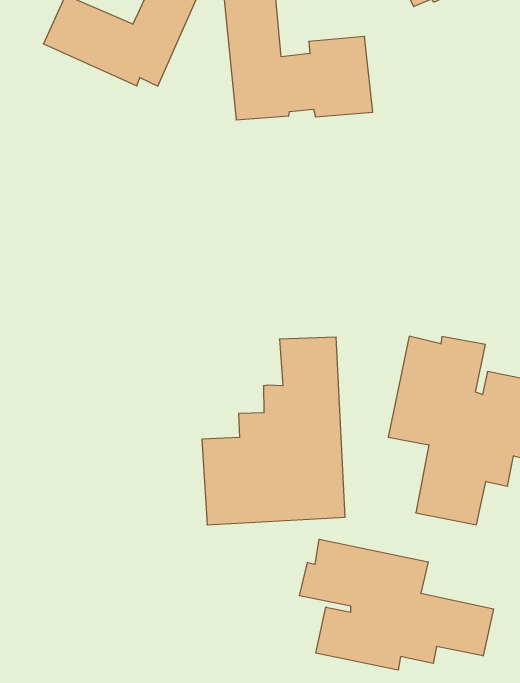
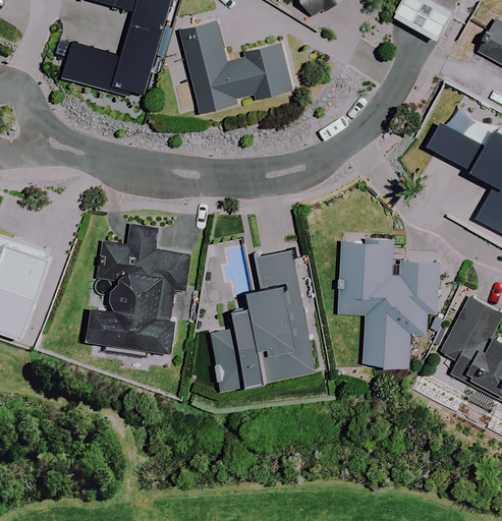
building: none -> [87,224,190,351]
building: [300,539,494,670] -> none

